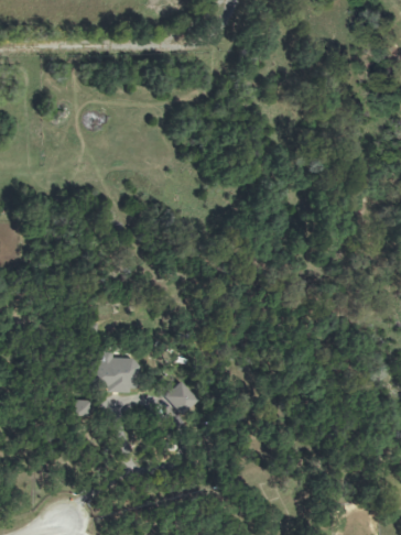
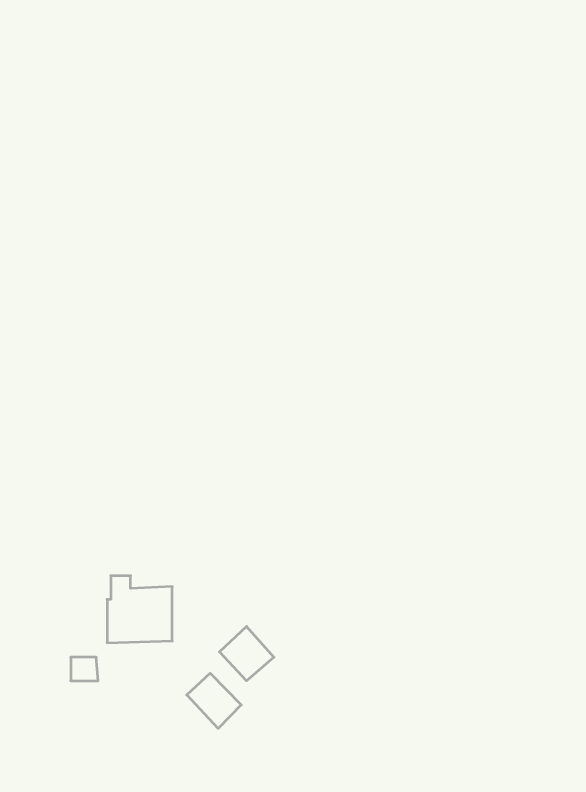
building: none -> [187,673,241,728]

